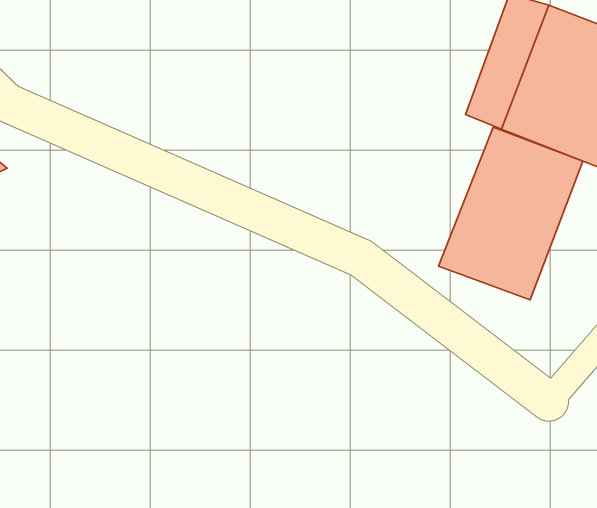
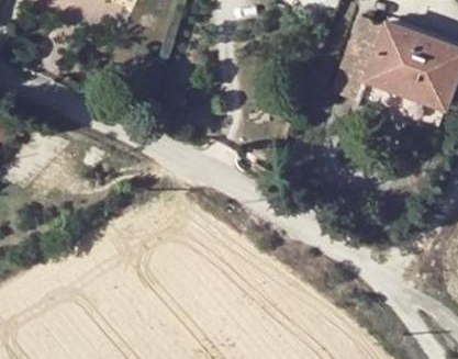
building: [438,127,583,300] -> none

